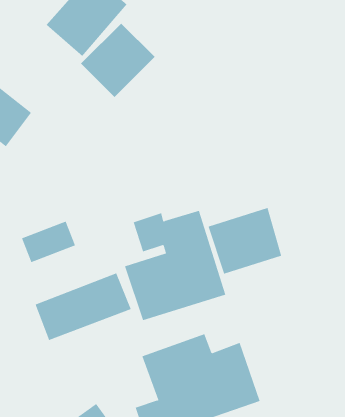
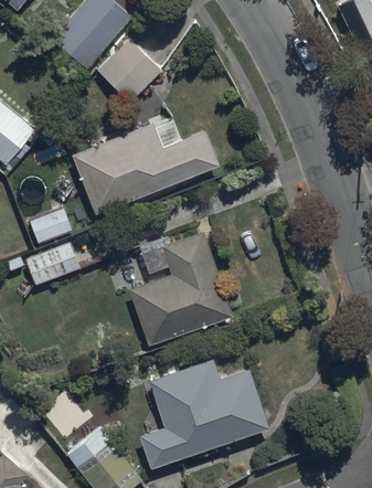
building: none -> [72,121,220,215]
building: [208,207,282,274] -> none
building: [35,273,131,341] -> none

